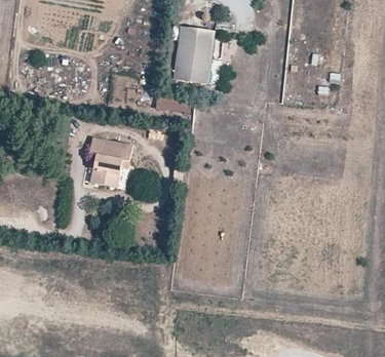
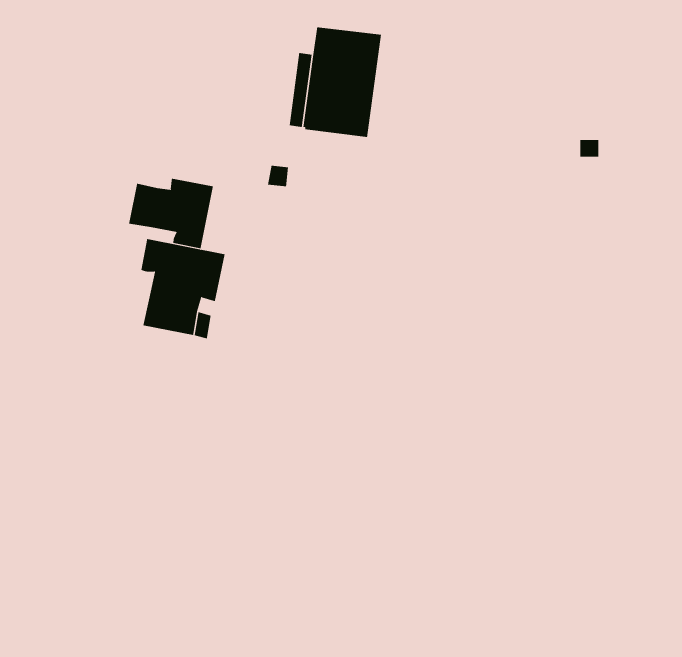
building: none -> [128,178,213,249]

